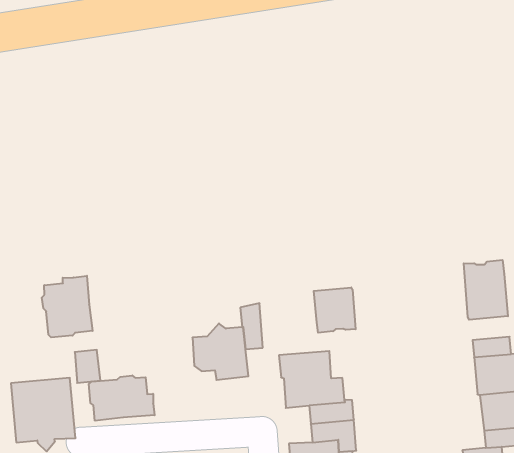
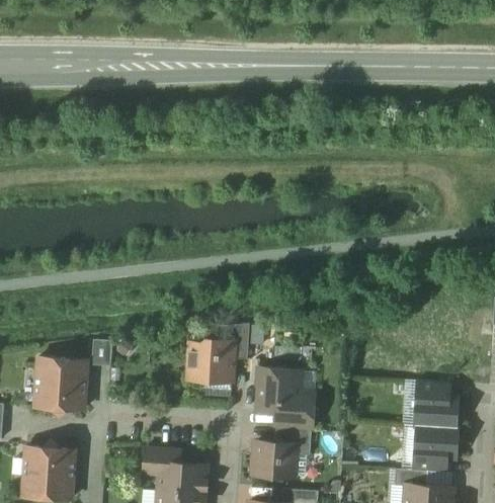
building: [464,260,508,320] -> none
building: [42,276,93,337] -> none
building: [314,287,356,333] -> none
building: [89,375,155,421] -> none

